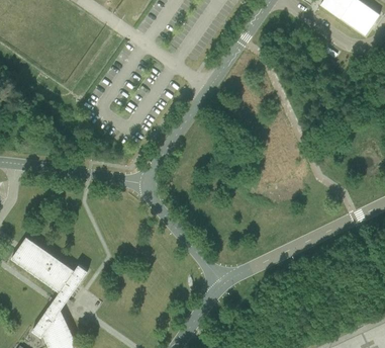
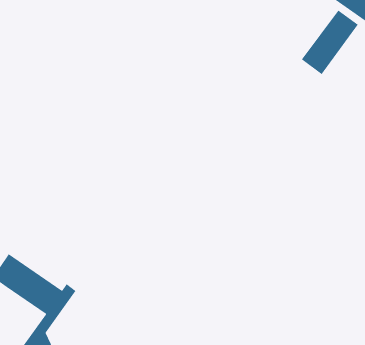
building: none -> [301,10,359,75]

